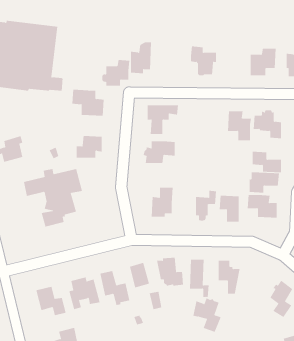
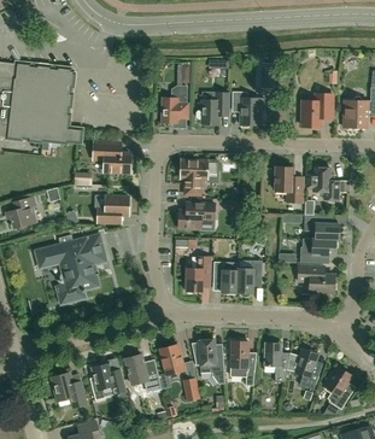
building: [101,60,130,86] -> [197,92,230,123]
building: [219,195,239,222] -> [213,261,238,292]
building: [193,297,221,332] -> [287,347,321,388]

